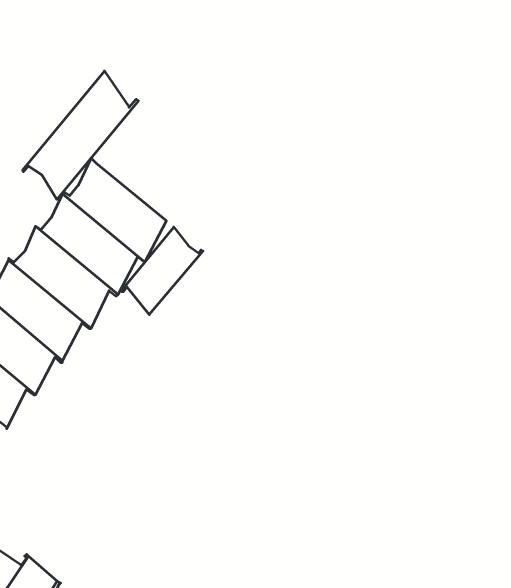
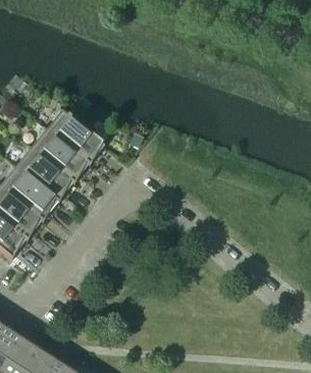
building: [23,71,138,199] -> none
building: [122,227,203,315] -> none

